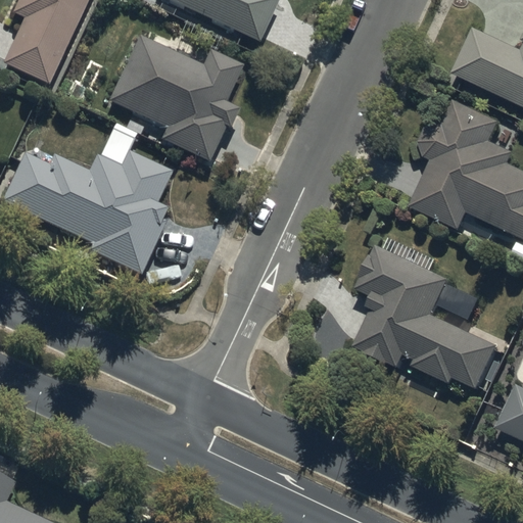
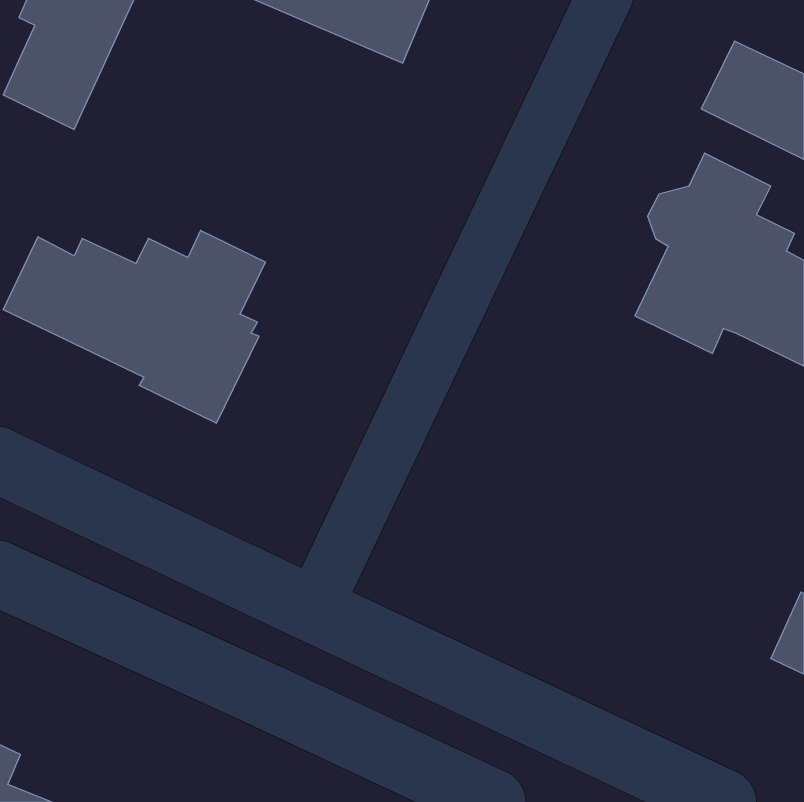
building: [108,36,243,161] -> none
building: [355,236,506,388] -> none

